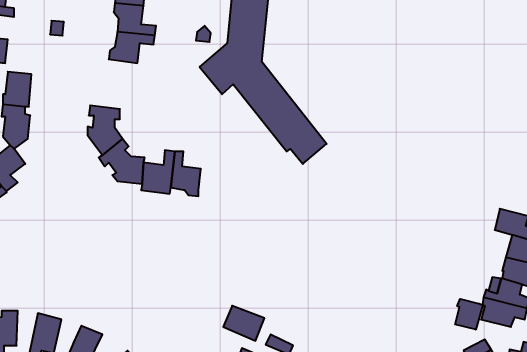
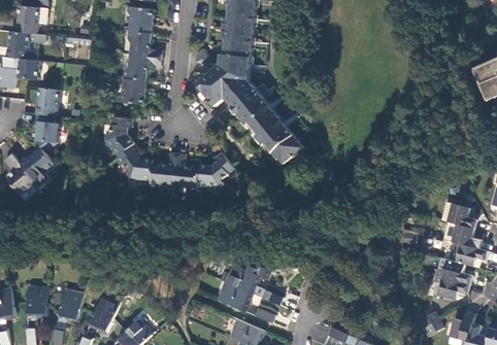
building: none -> [117,78,146,105]
building: none -> [197,153,237,188]
building: none -> [219,263,284,305]
building: [455,299,483,330] -> none

